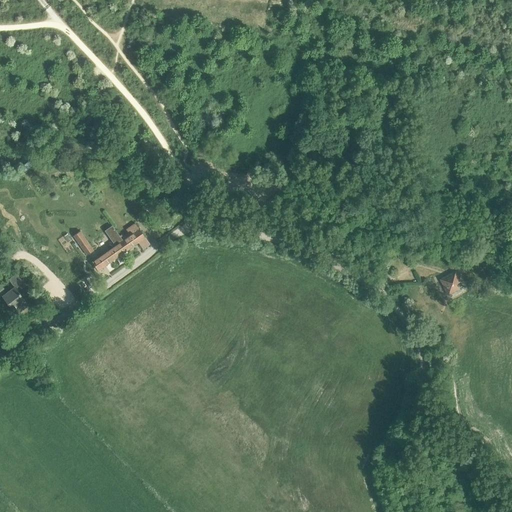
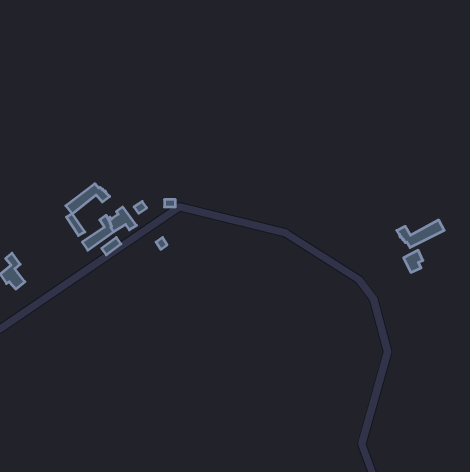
building: none -> [66,184,110,214]
building: none -> [397,220,444,248]

